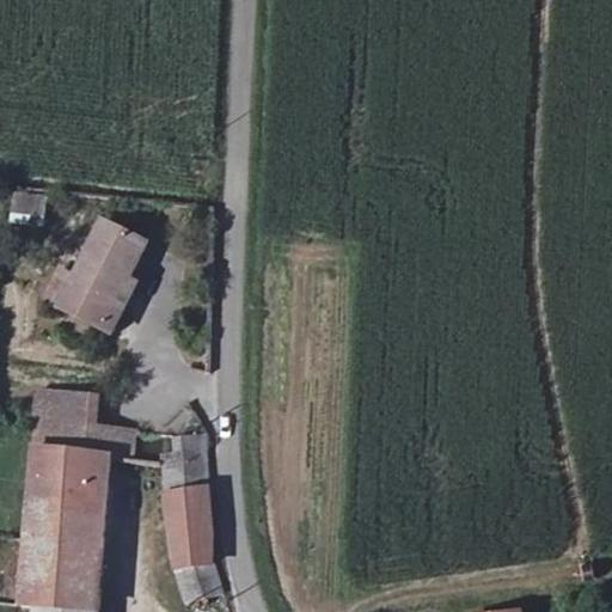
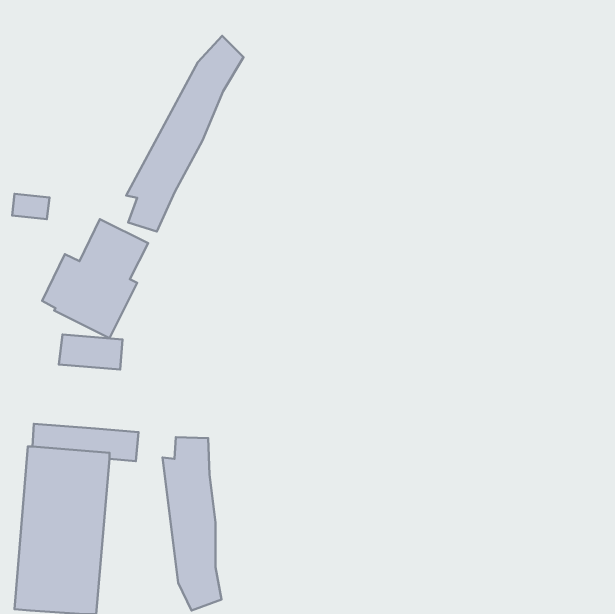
building: none -> [126,36,243,231]
building: [33,391,97,426] -> [59,335,123,369]

